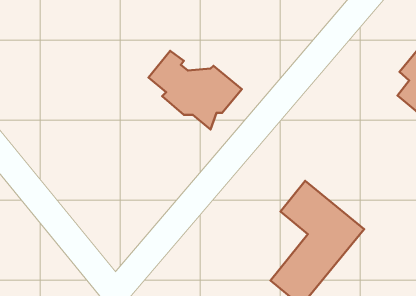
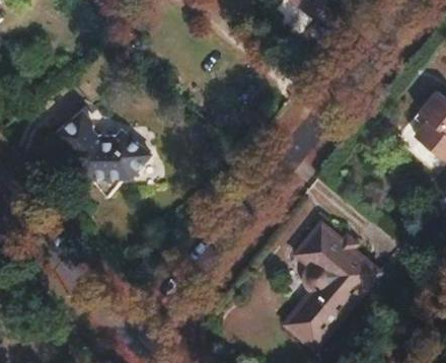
building: [149,51,242,130] -> [54,114,150,195]

